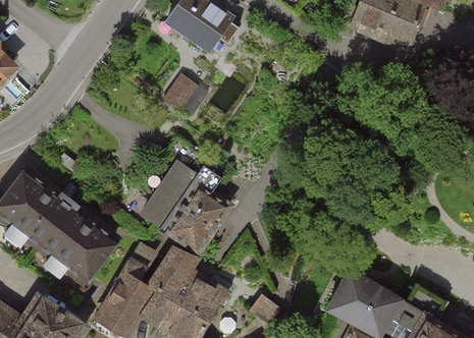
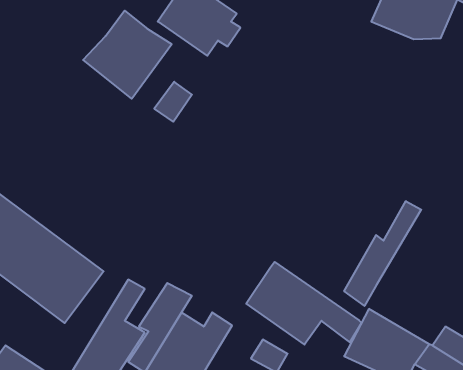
building: none -> [83,11,172,99]
building: [142,139,228,253] -> none
building: none -> [344,201,421,306]
building: none -> [246,262,362,345]

